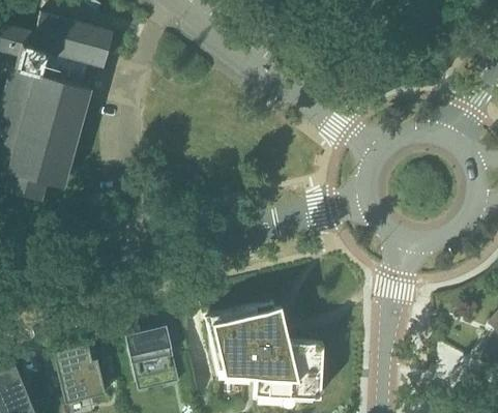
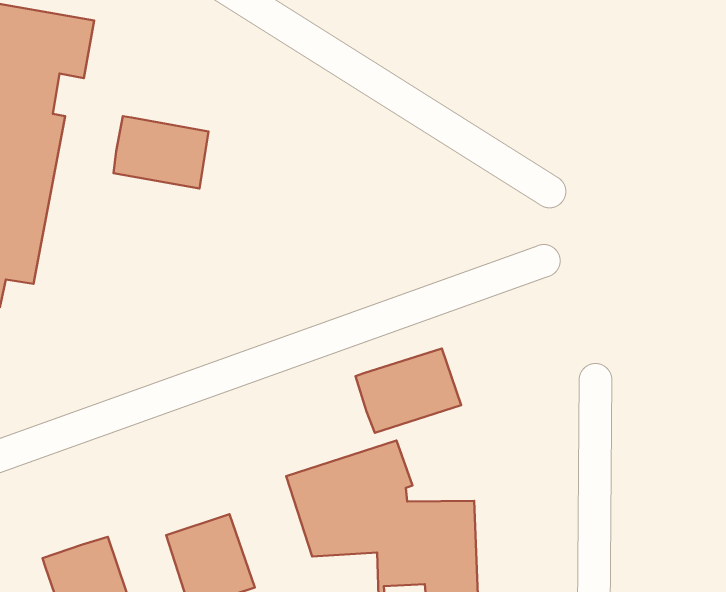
building: none -> [114,116,209,188]
building: none -> [355,348,461,433]

